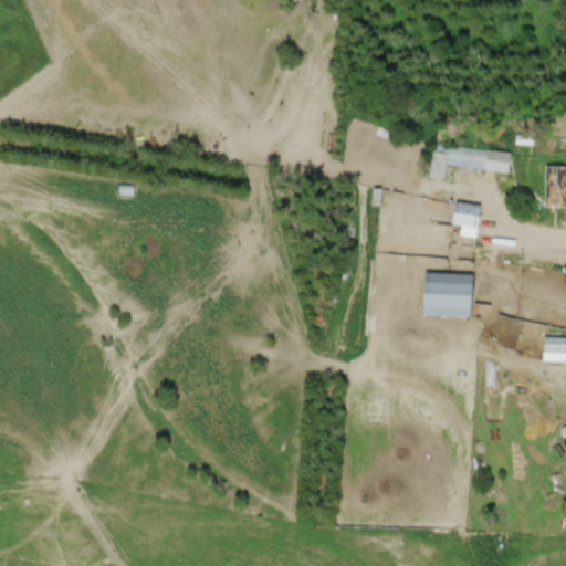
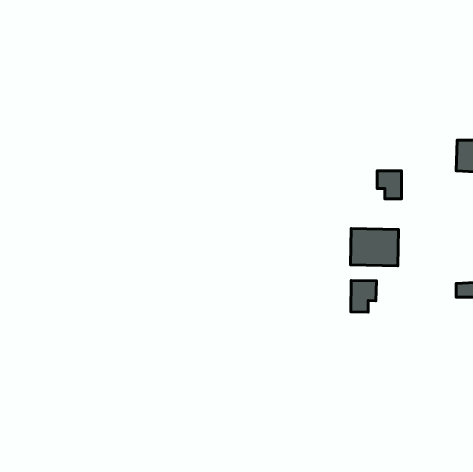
building: [431,144,514,179] -> none
building: none -> [351,280,376,312]

